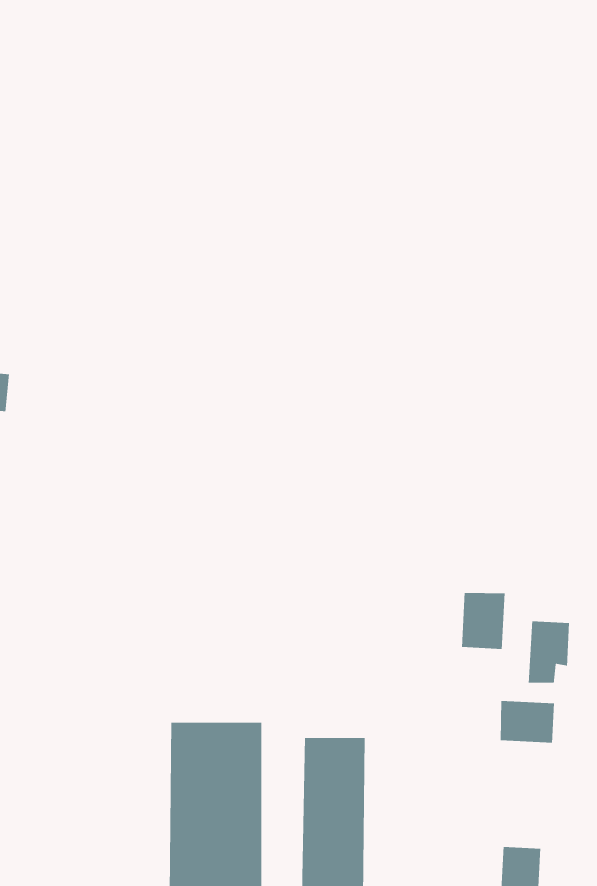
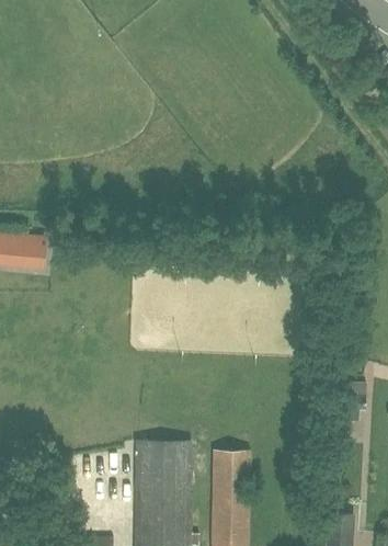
building: [461,592,505,650] -> none
building: [500,700,555,744] -> none

